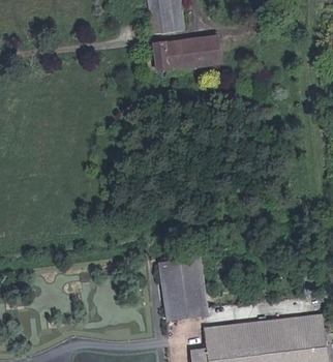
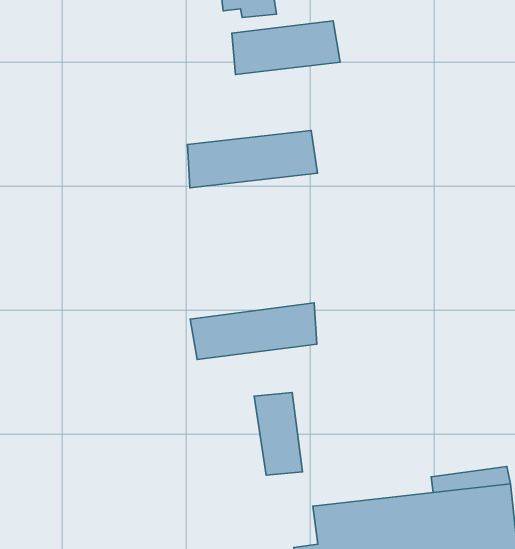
building: none -> [187,131,318,188]
building: none -> [190,303,317,359]

